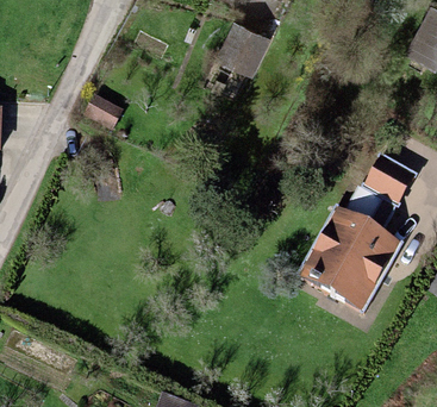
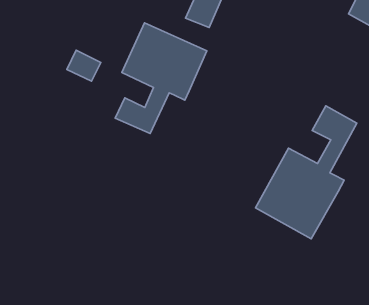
building: none -> [115,23,207,134]

